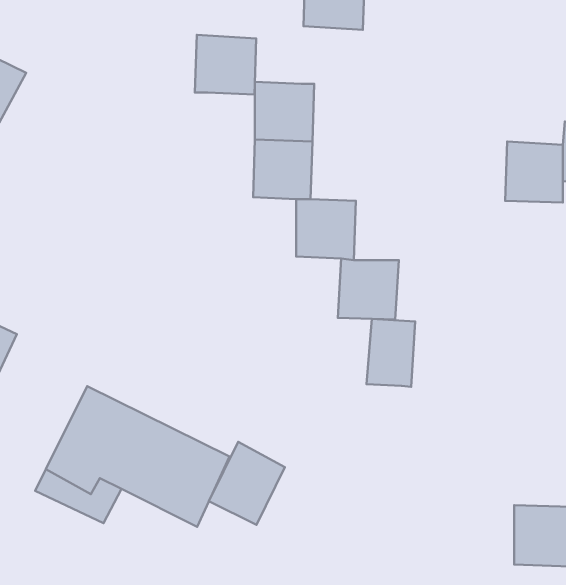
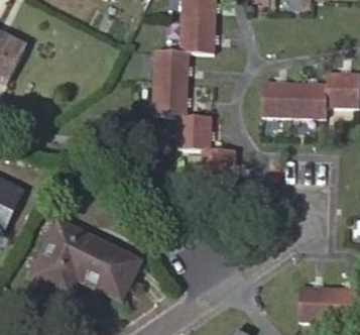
building: [195,35,256,94] -> [181,18,215,51]
building: none -> [262,81,295,116]
building: [366,319,415,387] -> none
building: [209,442,285,525] -> none

